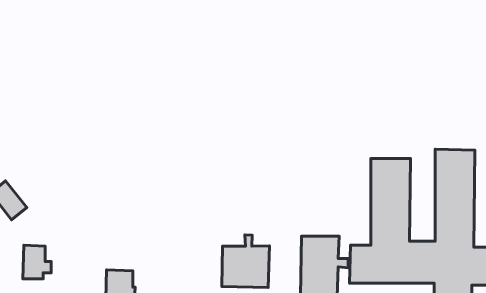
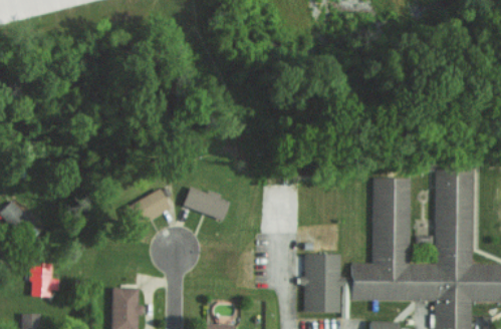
building: none -> [182,186,229,220]
building: none -> [127,189,170,225]
building: [222,235,269,287] -> none

